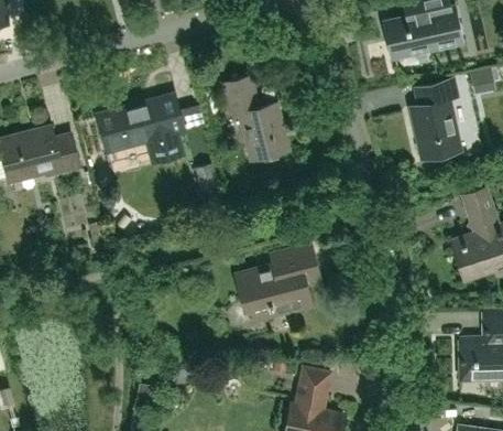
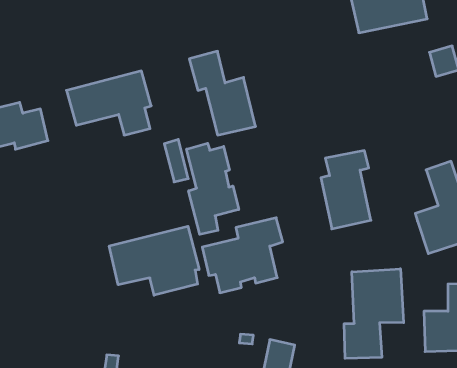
building: [411,80,461,160] -> [321,151,371,229]
building: none -> [187,143,239,234]
building: none -> [109,226,199,295]
building: none -> [344,269,404,358]

